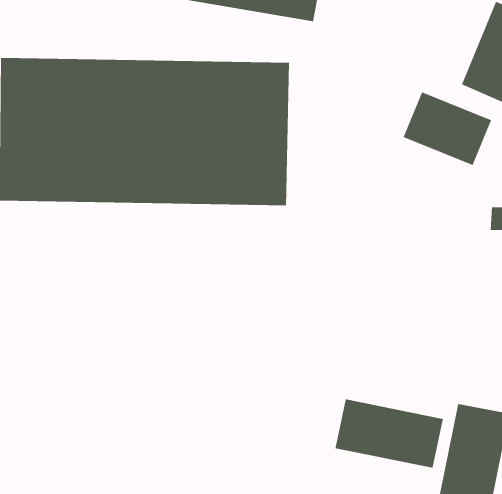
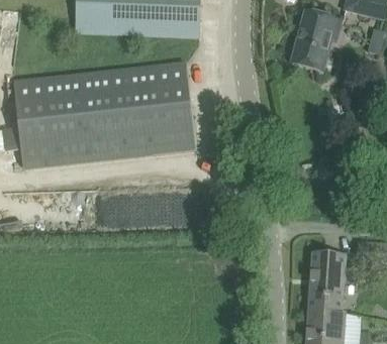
building: [403,92,492,166] -> none
building: [335,399,443,469] -> none

